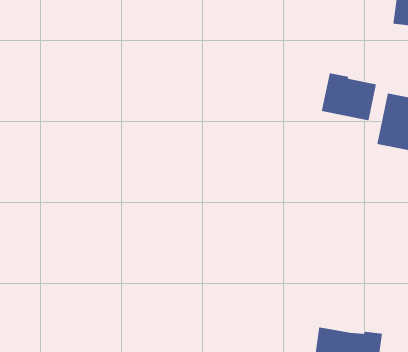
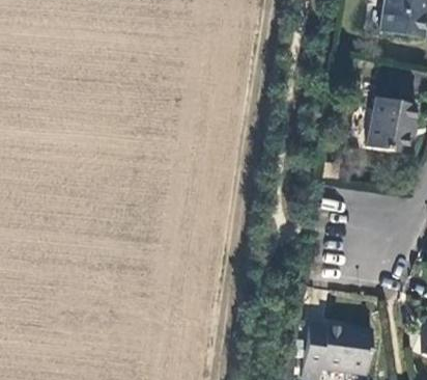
building: [321,72,376,121] -> none

